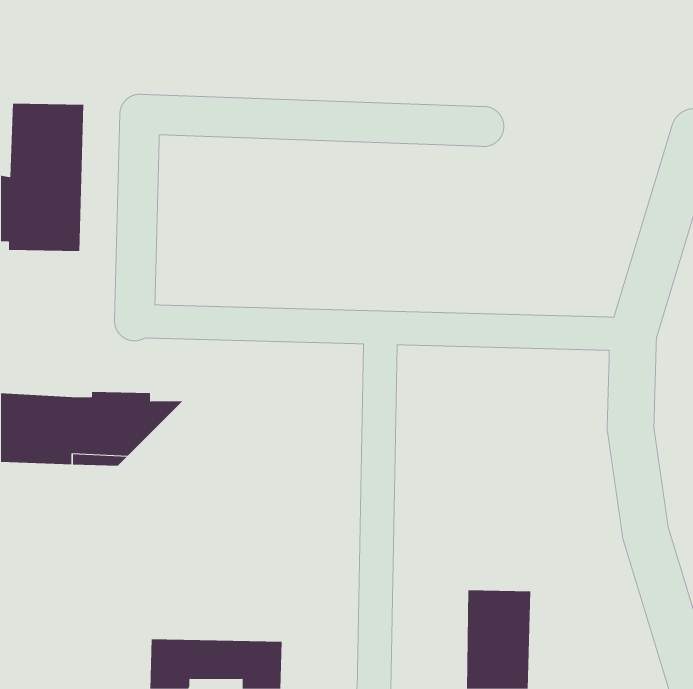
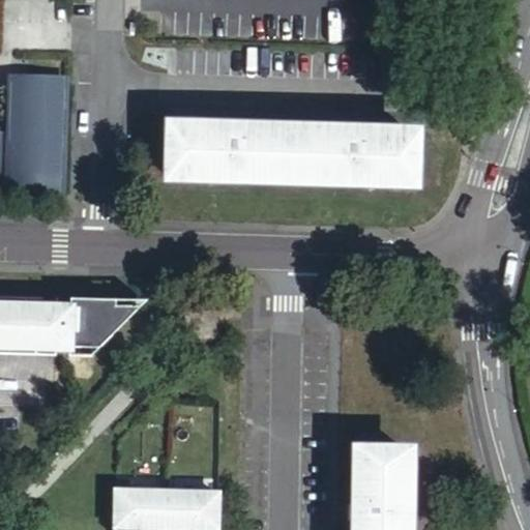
building: none -> [171,127,412,182]

